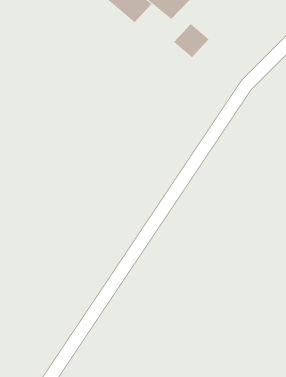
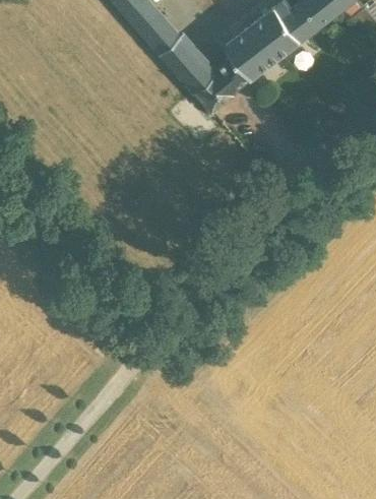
building: [173,23,210,58] -> [195,72,234,109]

